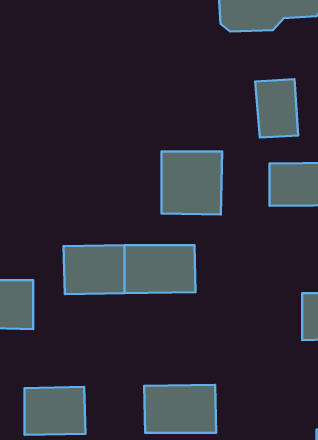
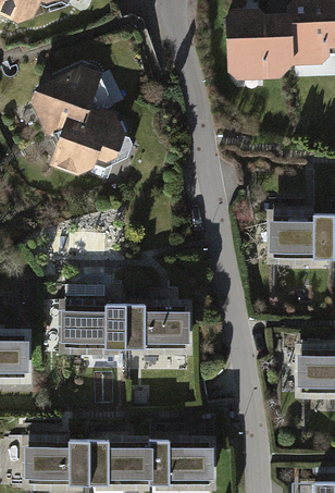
building: none -> [32,70,126,175]
building: [255,79,298,138] -> none
building: [161,152,222,215] -> none
building: none -> [88,437,149,485]

